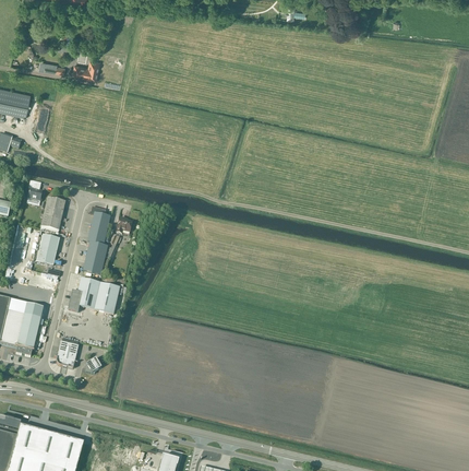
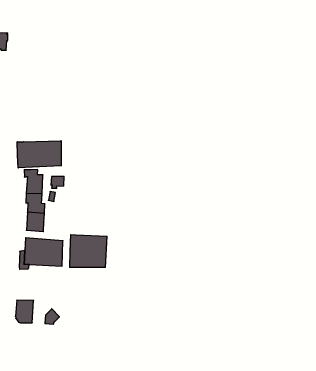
building: none -> [17,141,61,168]
building: none -> [70,235,107,267]

